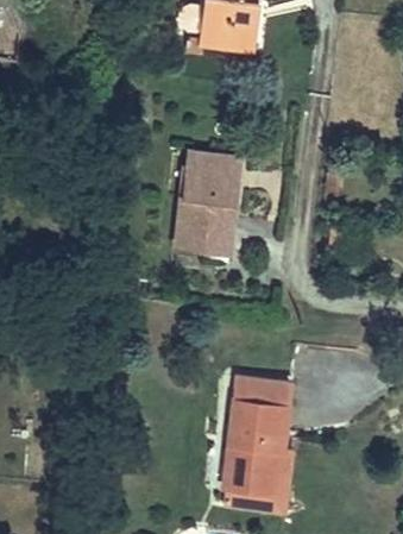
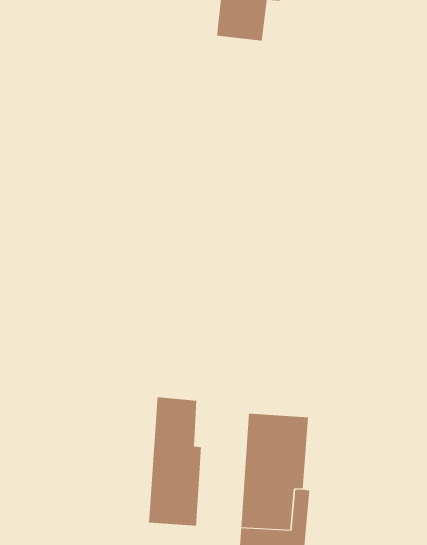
building: [175,156,231,250] -> none
building: none -> [149,397,202,526]

